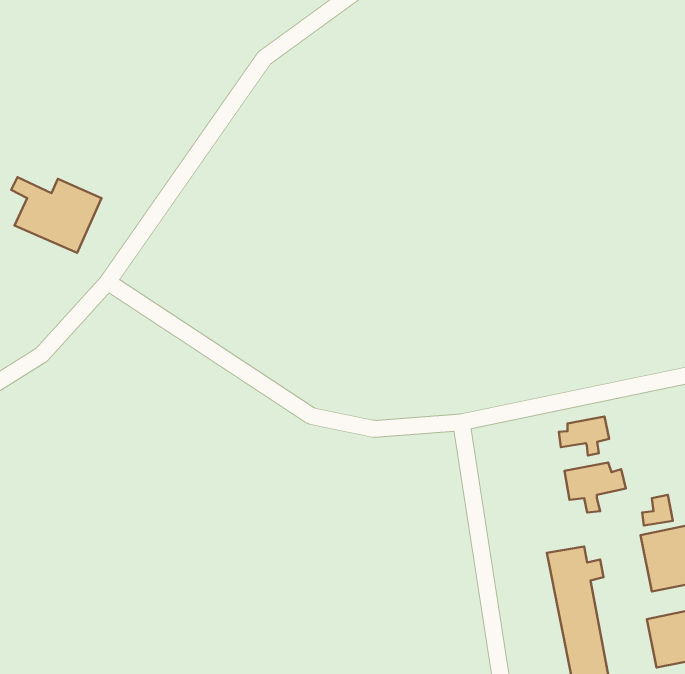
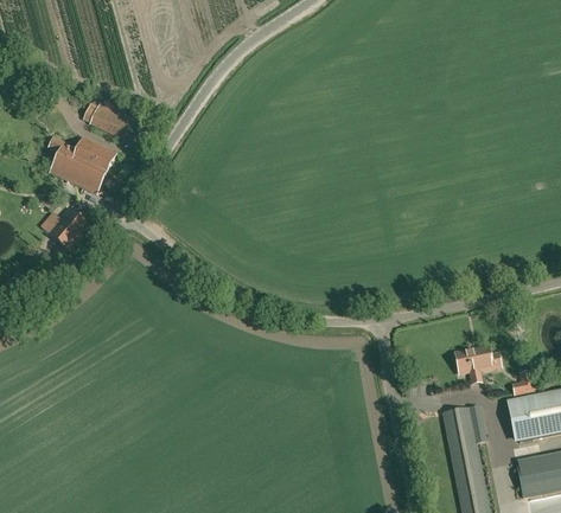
building: none -> [90,102,133,137]
building: none -> [51,209,89,246]
building: [559,417,609,456] -> none

